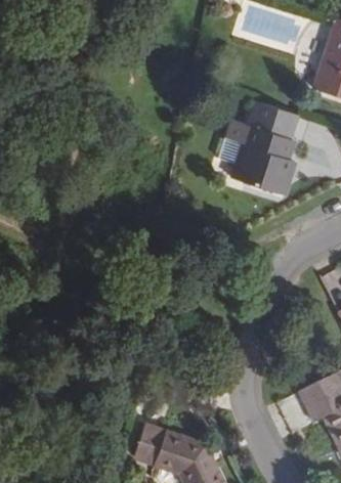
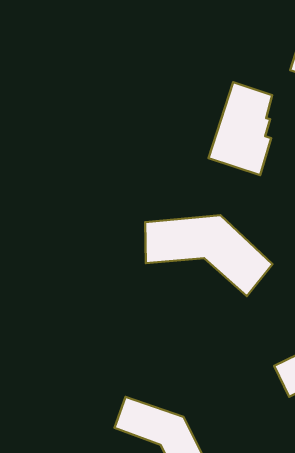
building: none -> [145,215,272,296]

